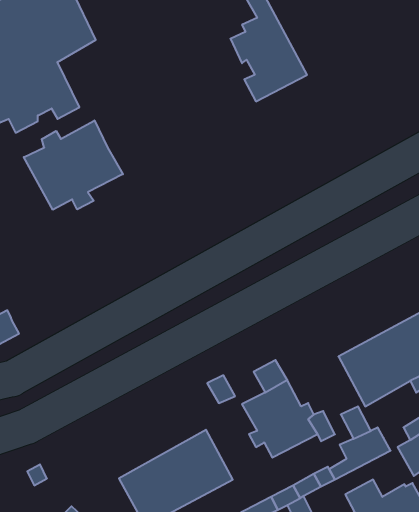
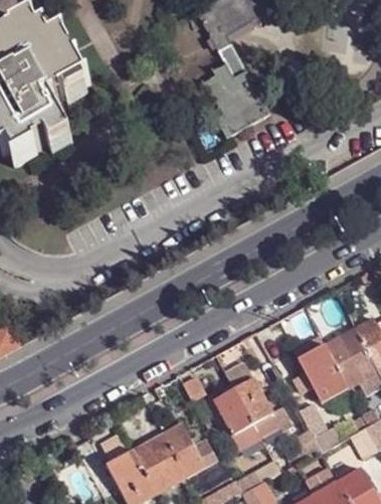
building: [24,120,123,210] -> none

